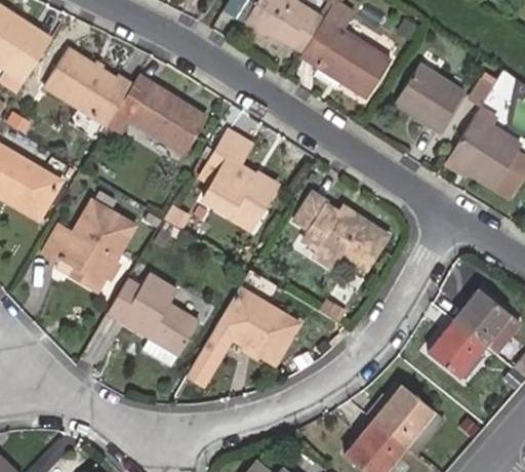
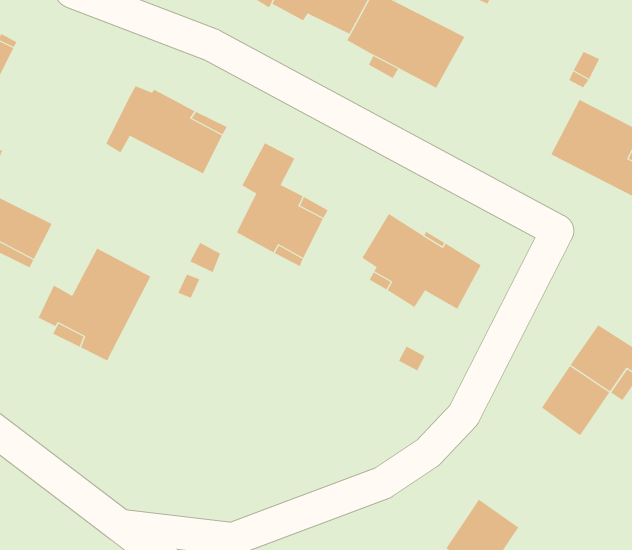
building: [44,47,128,122] -> none
building: [395,64,467,133] -> none
building: [106,274,197,355] -> none
building: [189,288,295,381] -> none
building: [373,386,431,443] -> none

